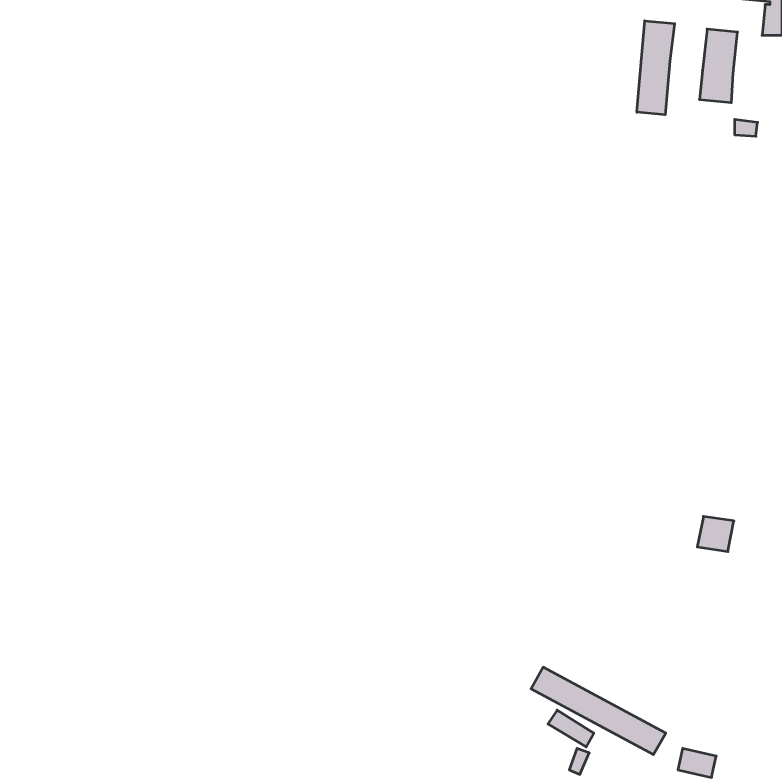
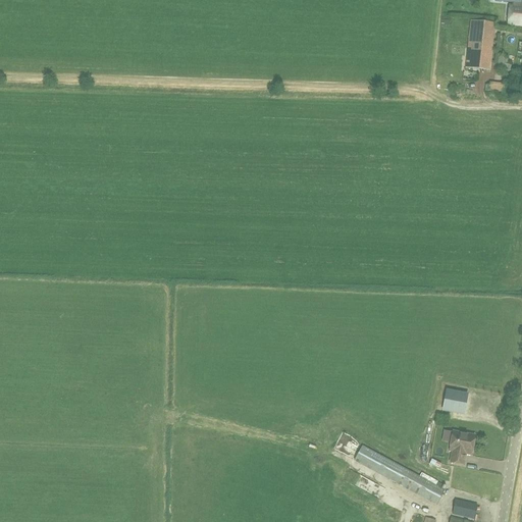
building: [637,21,675,115] -> none
building: [697,516,734,552] -> [442,388,467,412]
building: none -> [449,428,475,464]

